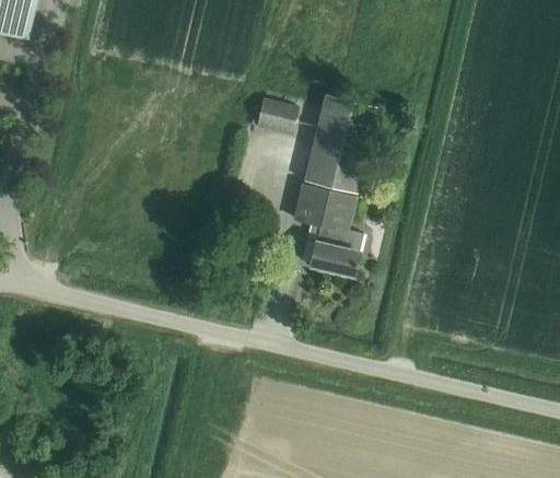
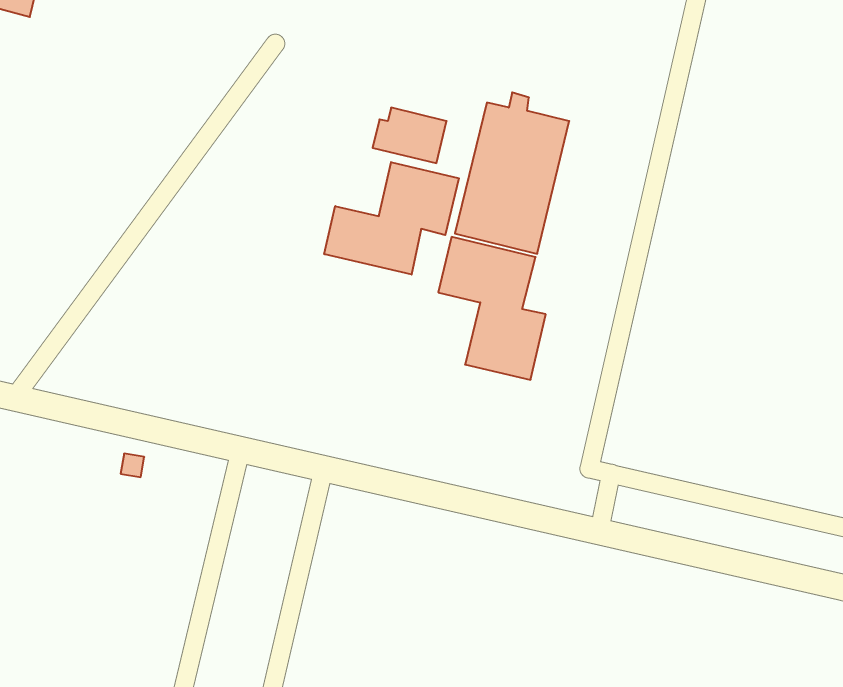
building: none -> [324,162,459,275]

